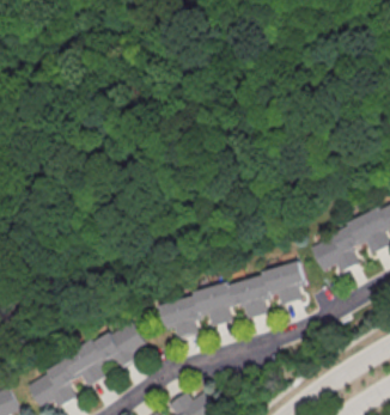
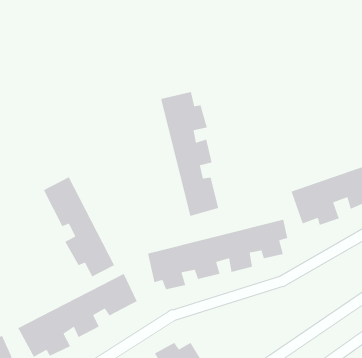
building: none -> [160,91,219,217]
building: none -> [43,176,115,278]

